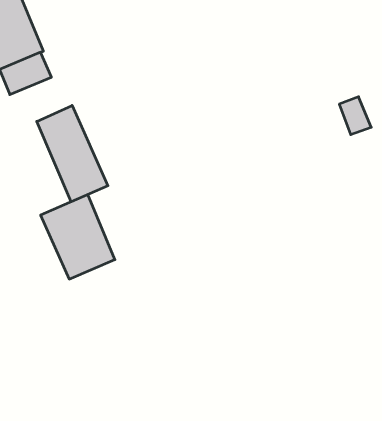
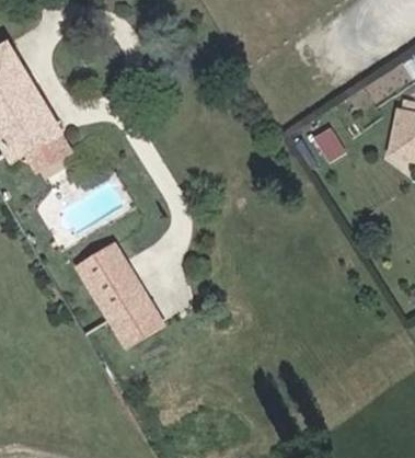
building: [37,105,108,202] -> none
building: none -> [108,295,161,345]

